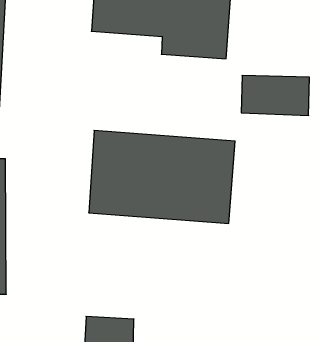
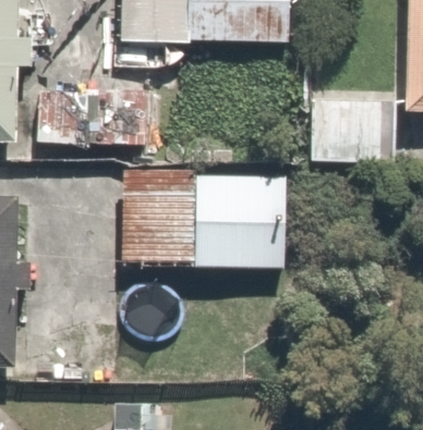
building: none -> [38,75,166,143]

